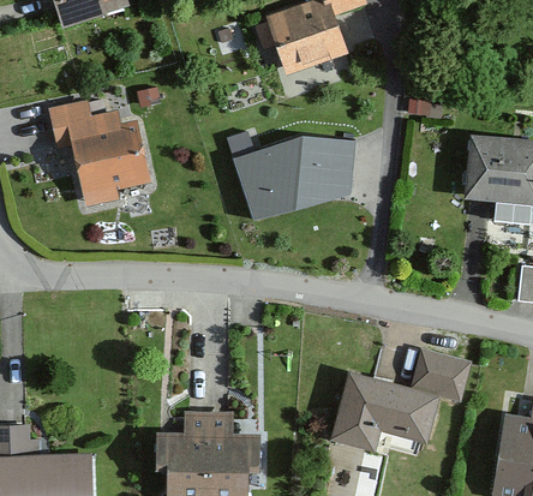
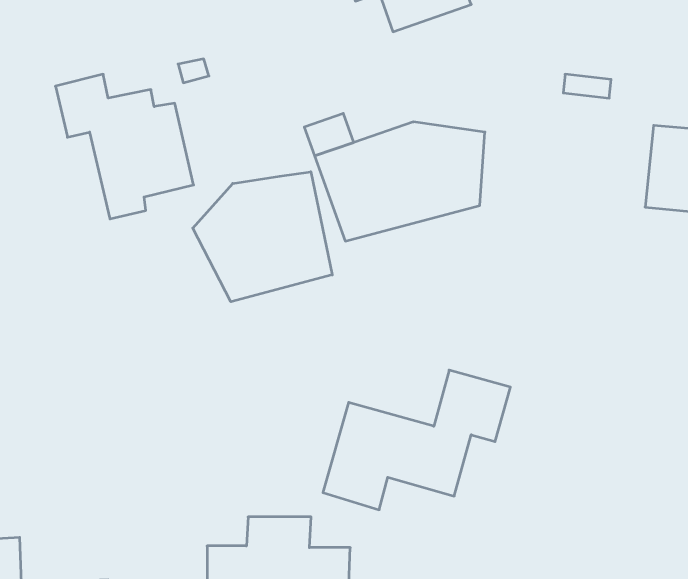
building: none -> [193,172,332,302]
building: [334,351,466,449] -> [323,370,510,510]

